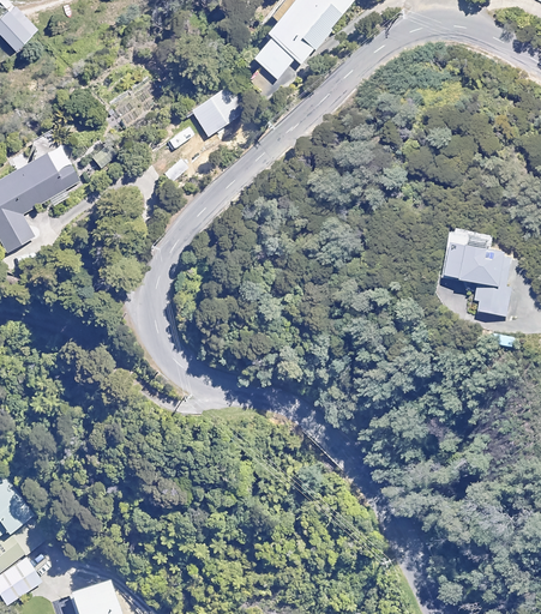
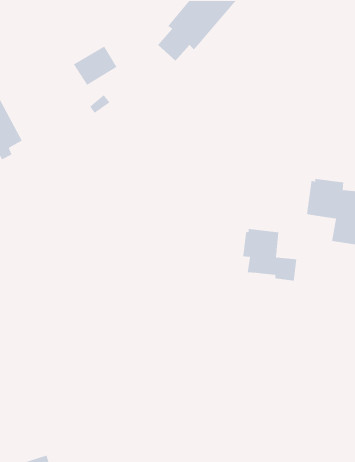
building: [190,86,247,138] -> [73,46,118,86]
building: none -> [242,228,297,281]

